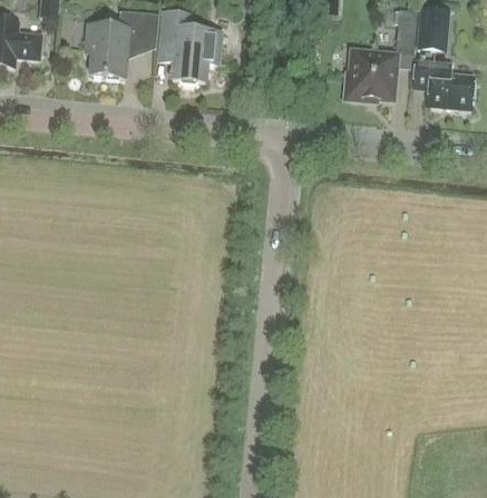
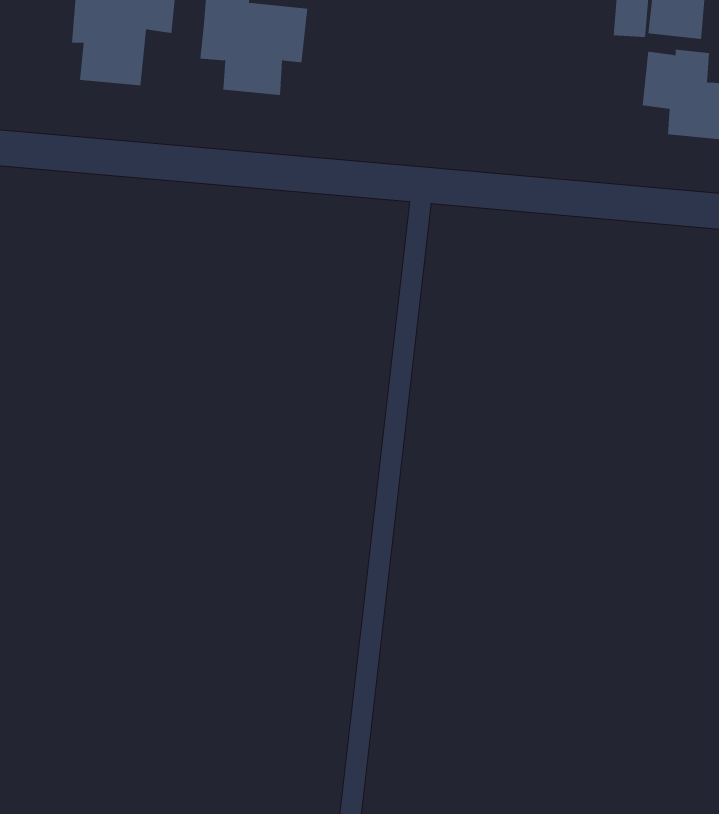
building: [345,50,397,99] -> none

